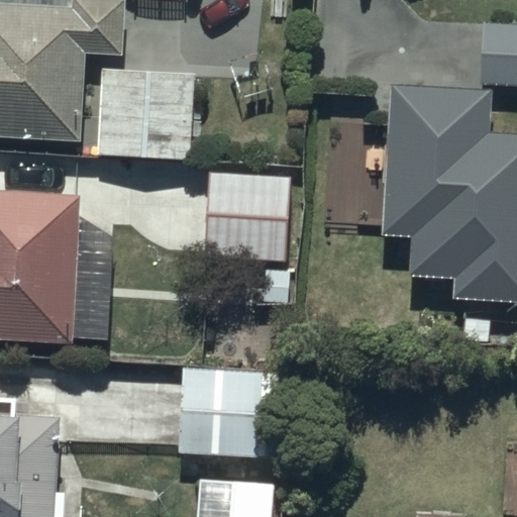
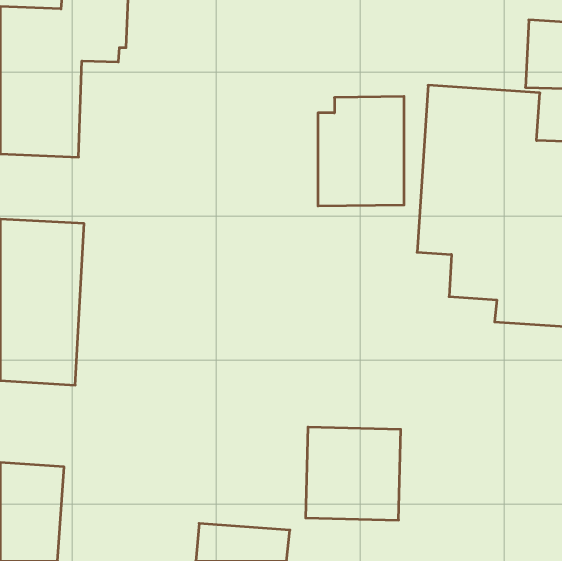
building: [87,70,187,160] -> none
building: [199,161,278,261] -> [318,96,404,206]
building: [169,372,255,456] -> [306,427,401,520]

